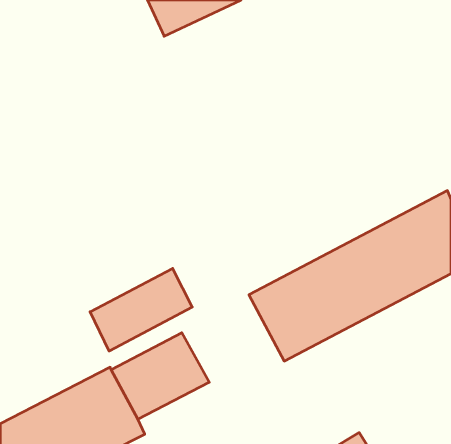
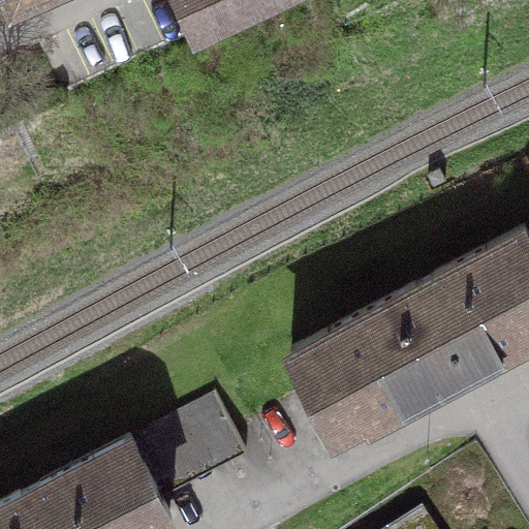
building: [90,268,192,351] -> none

